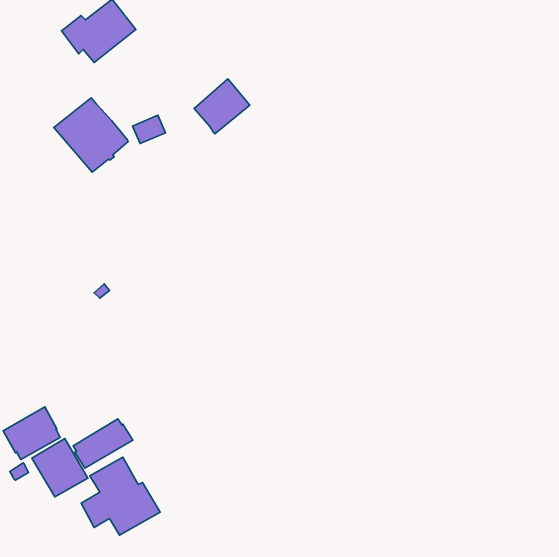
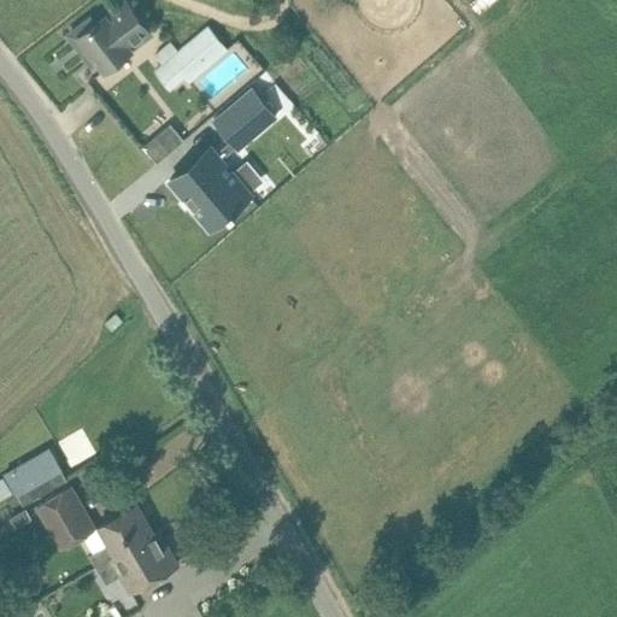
building: none -> [169,29,225,83]
building: [54,98,128,172] -> [168,148,249,230]
building: [73,419,133,468] -> none

